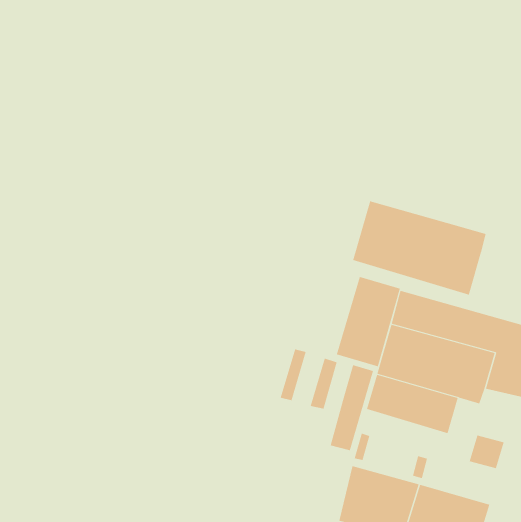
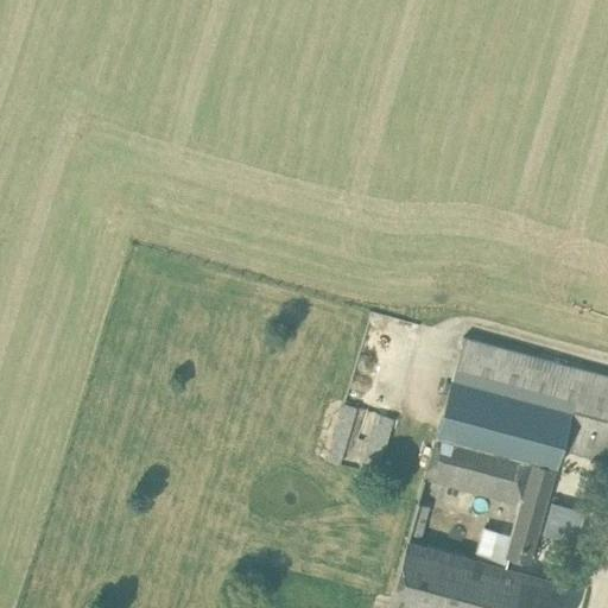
building: [353,200,486,295] -> none
building: [336,276,401,367] -> none
building: [330,365,374,451] -> [508,463,559,563]

